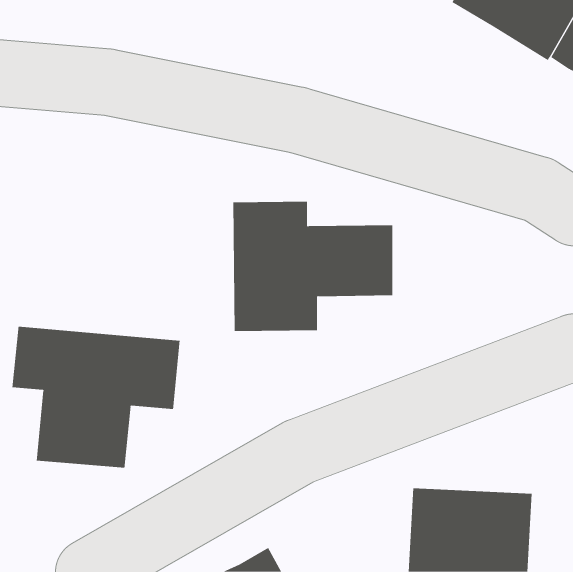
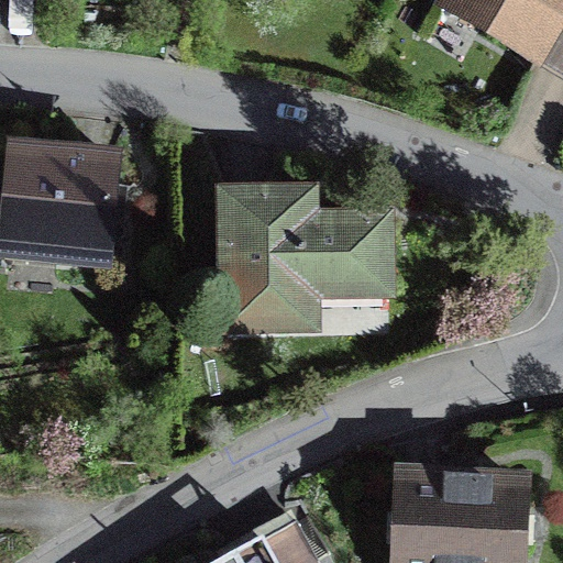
building: none -> [7,151,117,258]
building: [12,326,180,468] -> none

